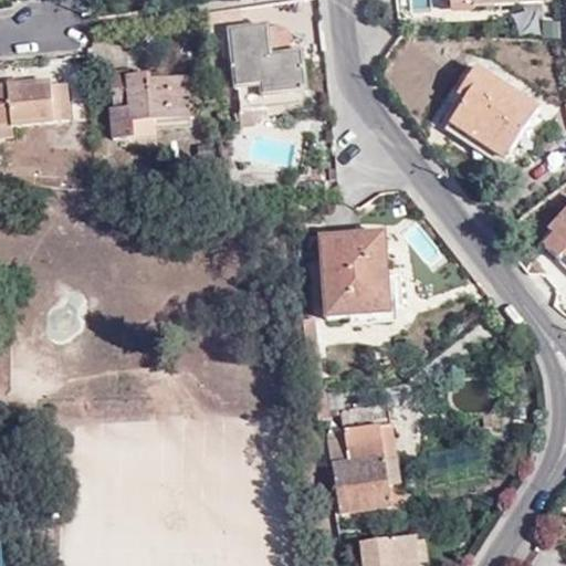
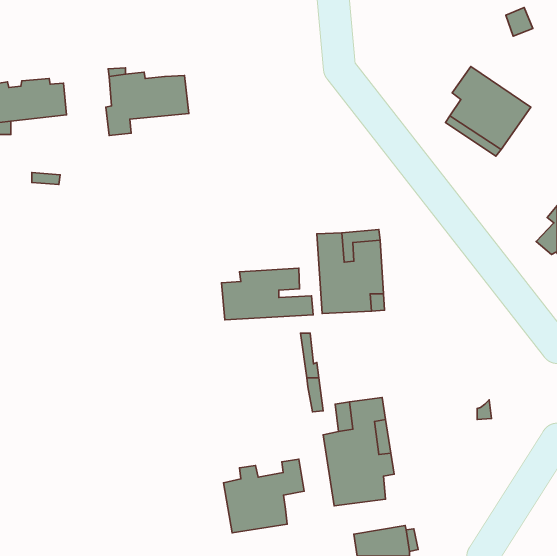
building: [233,28,301,107] -> none
building: none -> [222,268,313,320]
building: none -> [223,459,304,533]

